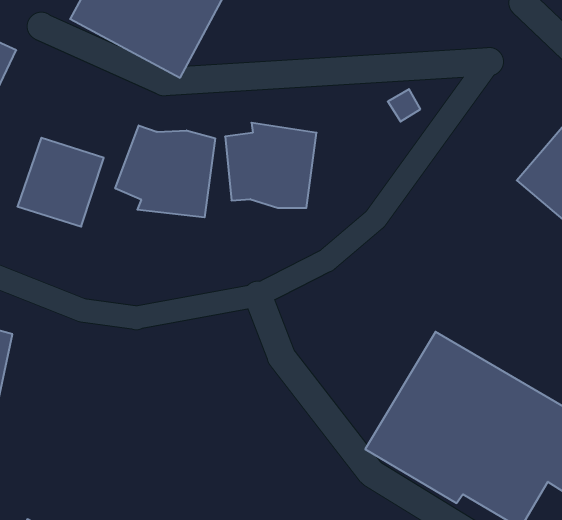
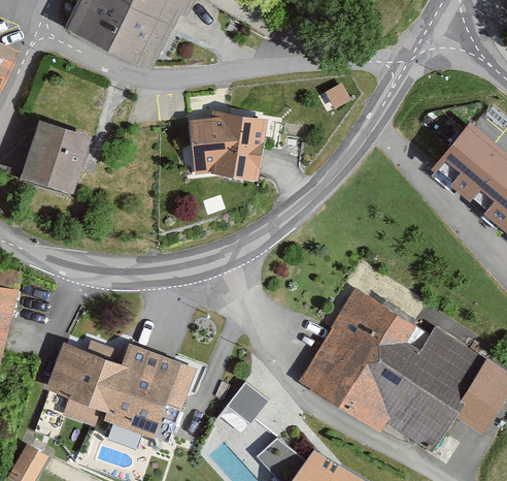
building: [115,125,215,217] -> none
building: none -> [44,336,195,432]
building: none -> [225,380,267,422]

